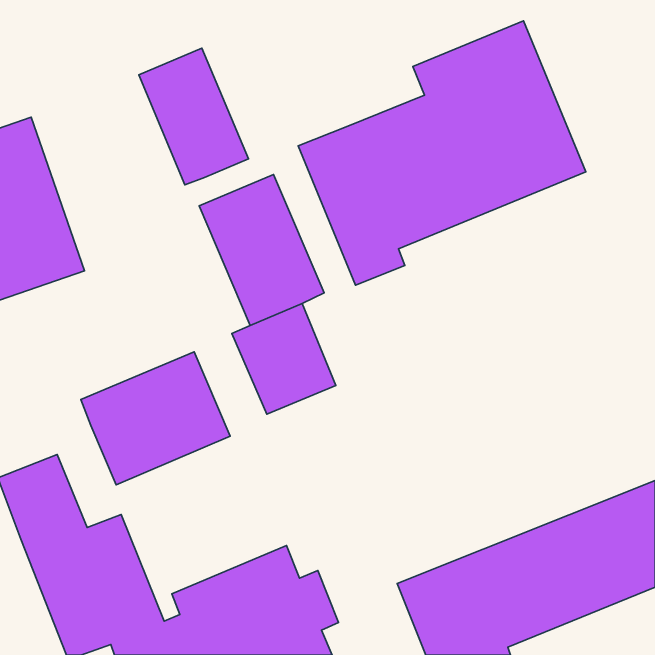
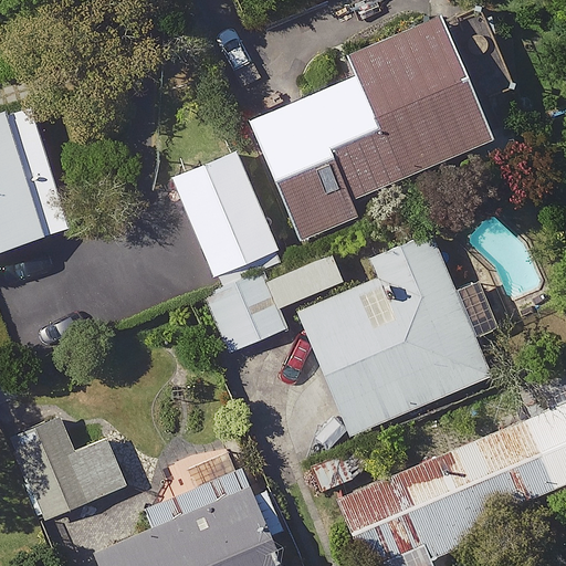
building: [139,48,249,185] -> none
building: none -> [297,229,489,434]
building: [81,352,230,485] -> none

